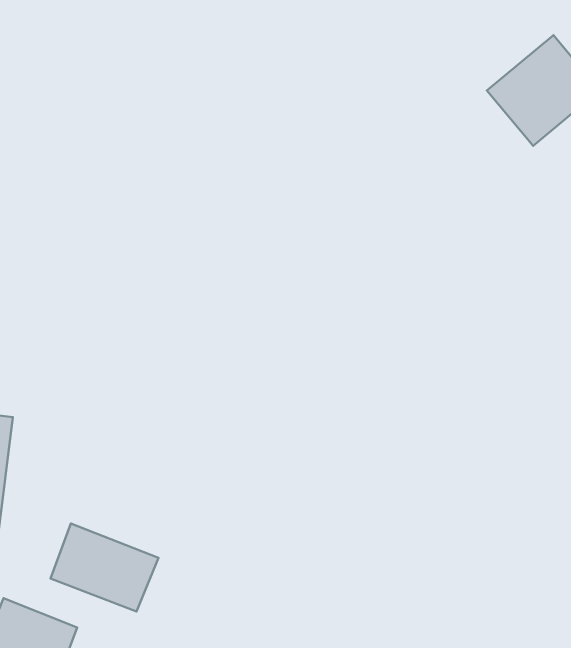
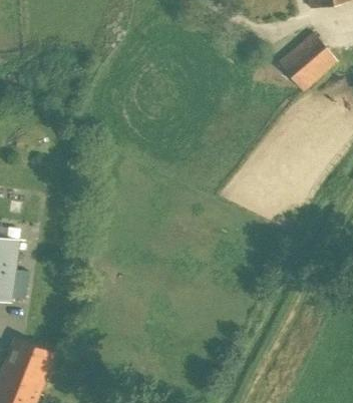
building: [50,523,159,612] -> none

